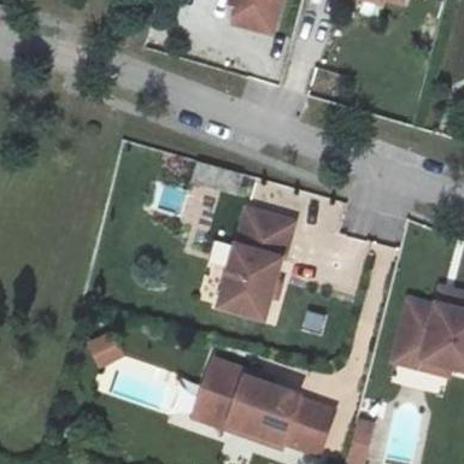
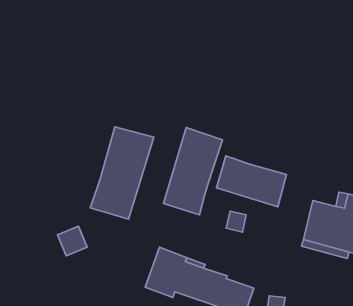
building: none -> [90,127,154,219]
building: none -> [216,156,287,207]

